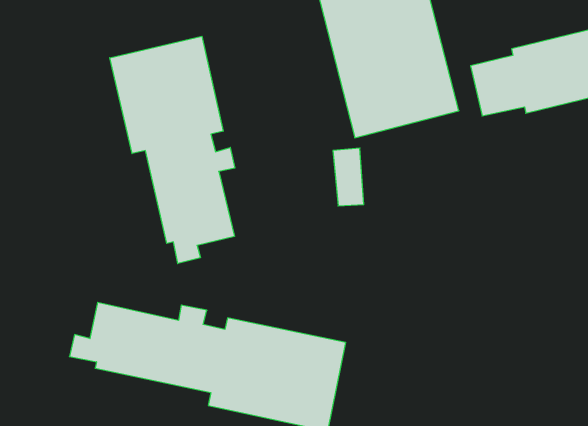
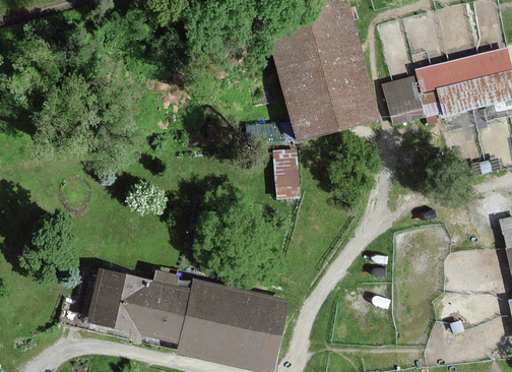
building: [110,36,235,264] -> none

